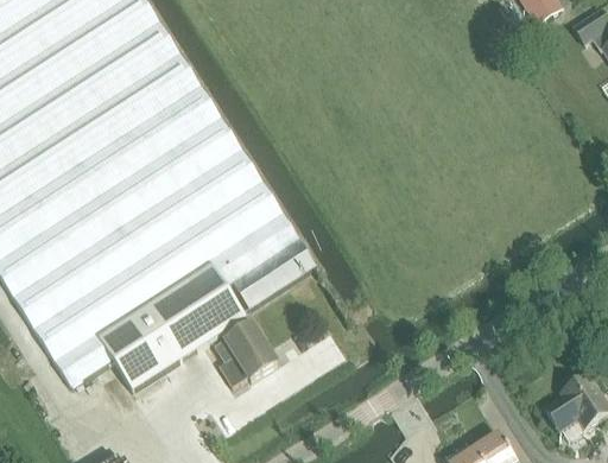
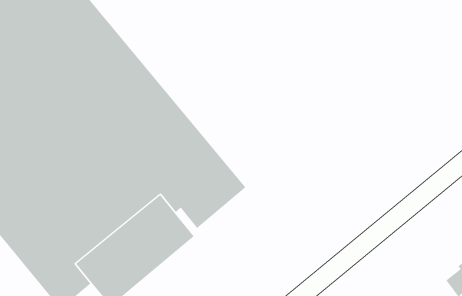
building: [214,324,276,381] -> none

